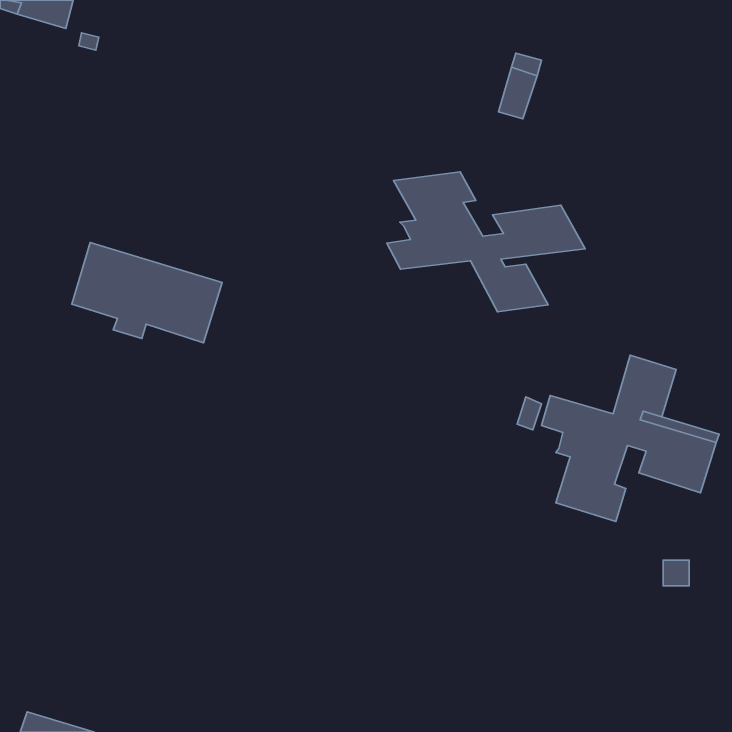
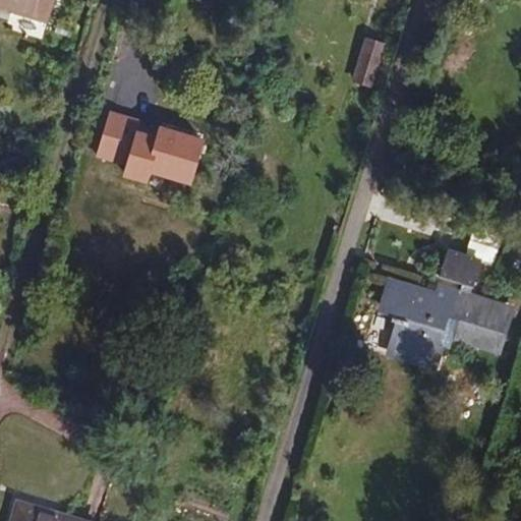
building: [387,172,585,312] -> none
building: [72,242,222,343] -> [97,112,204,183]

